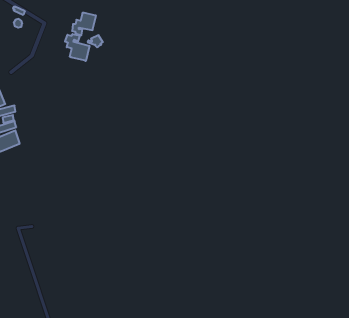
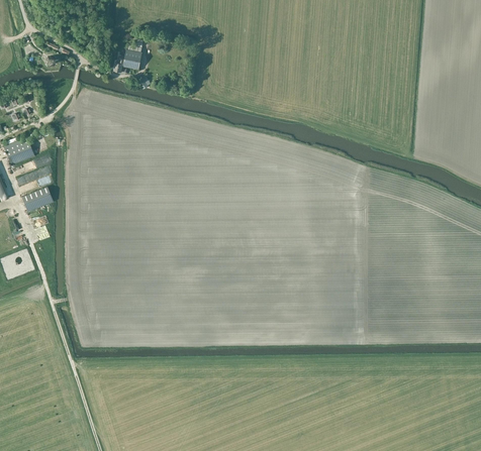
building: [65,34,89,61] -> none

